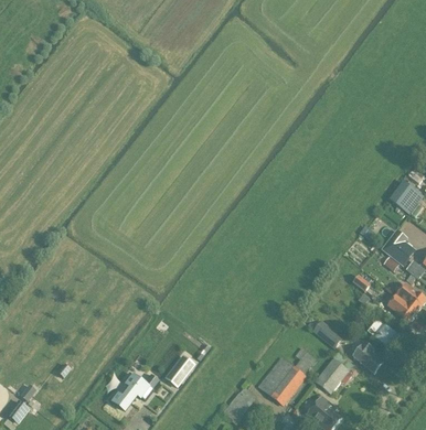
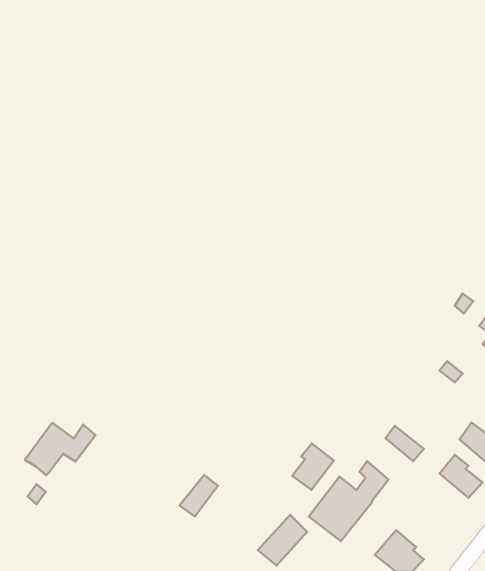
building: none -> [292,443,334,490]
building: [316,352,353,394] -> none
building: [109,372,160,409] -> [25,423,95,475]

